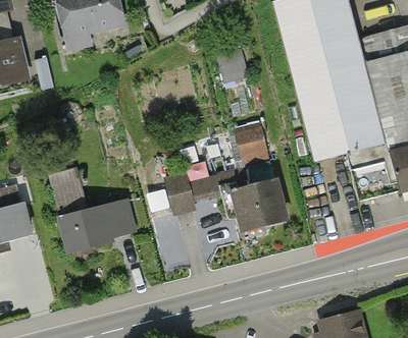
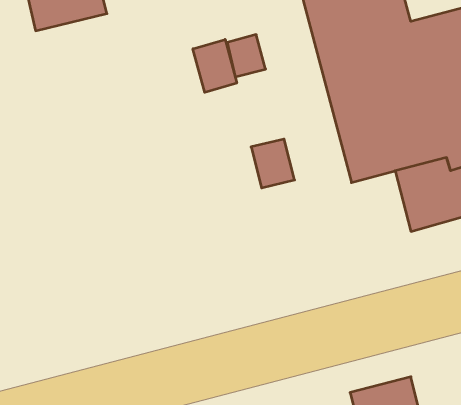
building: none -> [193,39,237,92]
building: [166,166,287,234] -> none
building: [49,169,134,251] -> none

